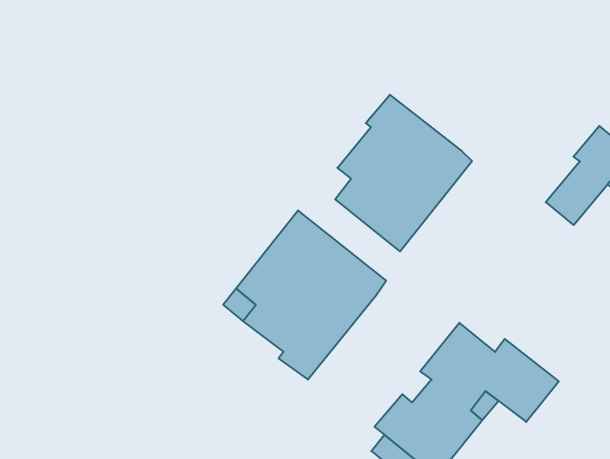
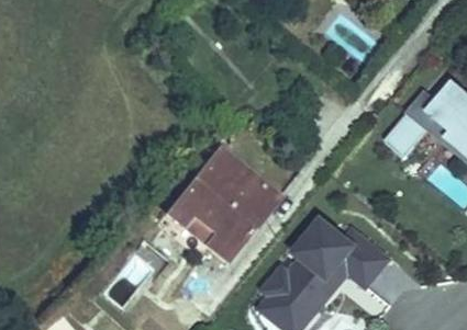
building: [335,95,472,251] -> none

